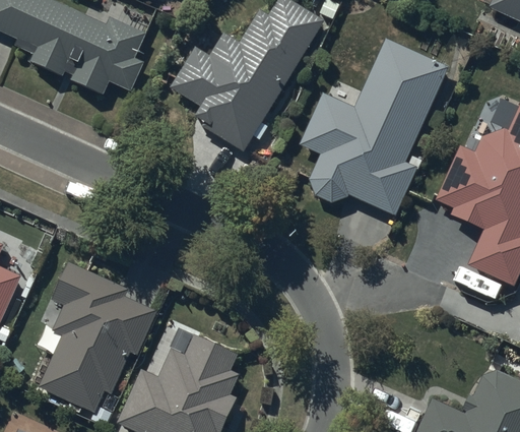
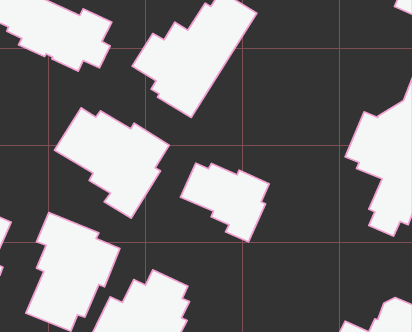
building: [300,37,447,214] -> none
building: none -> [54,108,169,218]
building: none -> [180,163,269,242]

